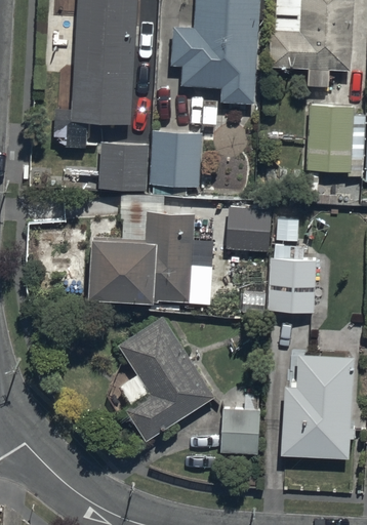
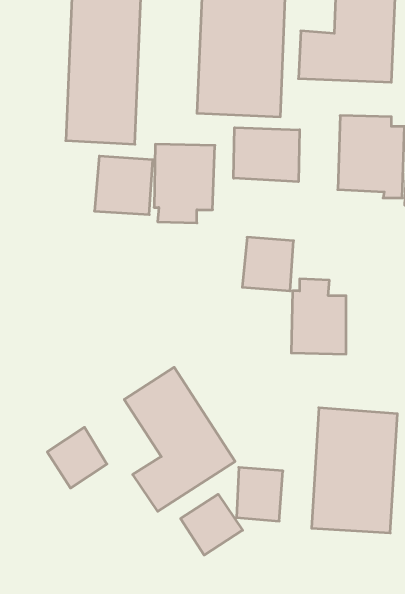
building: none -> [234,128,300,182]
building: [91,211,195,305] -> none
building: none -> [47,427,107,488]
building: none -> [181,494,243,555]

